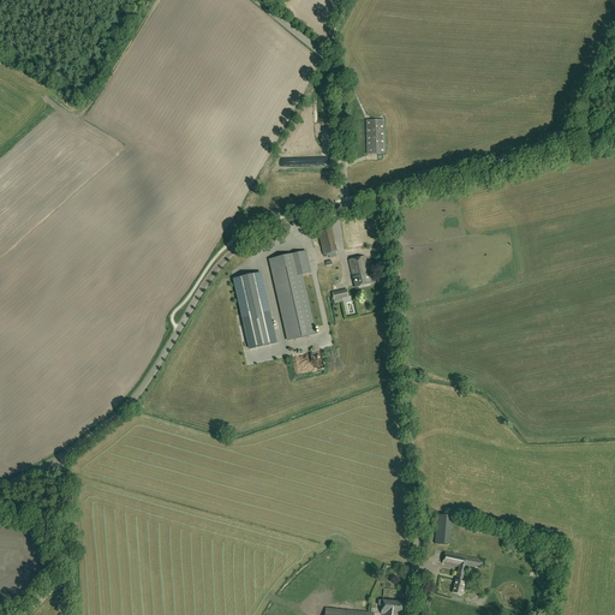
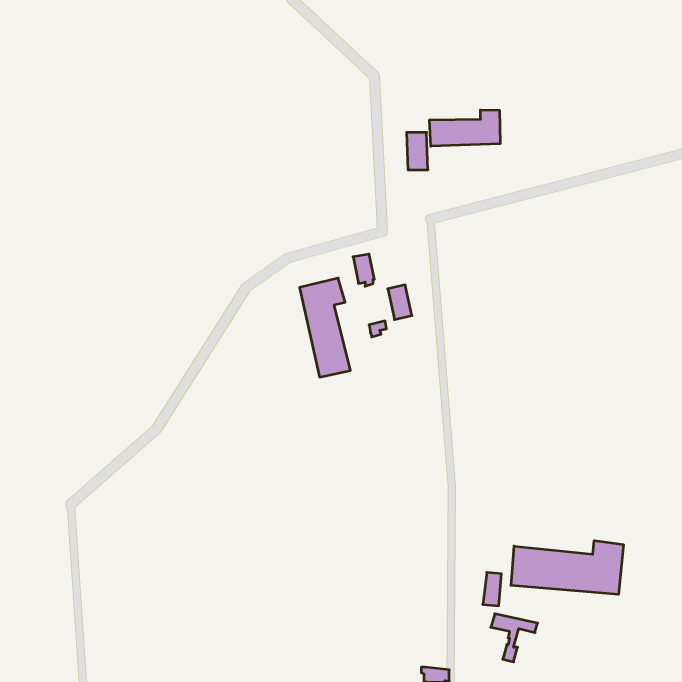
building: none -> [430,110,500,146]
building: [233,273,275,348] -> none
building: none -> [511,541,623,594]

